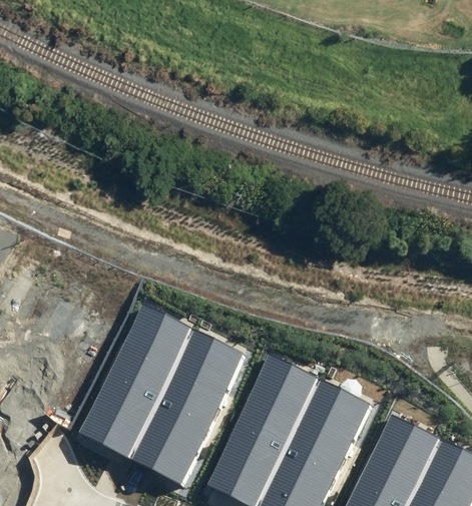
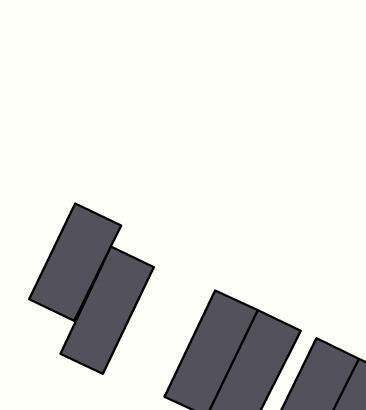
building: none -> [29,203,121,321]
building: [130,329,245,482] -> none

